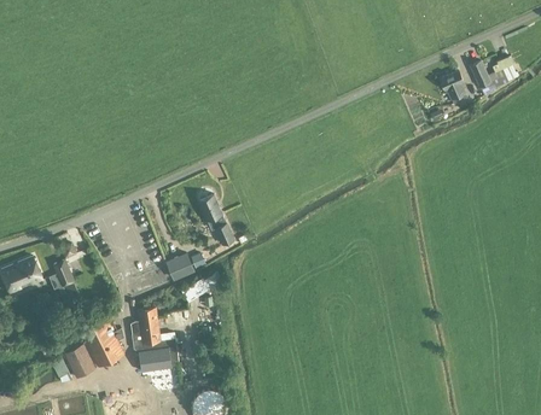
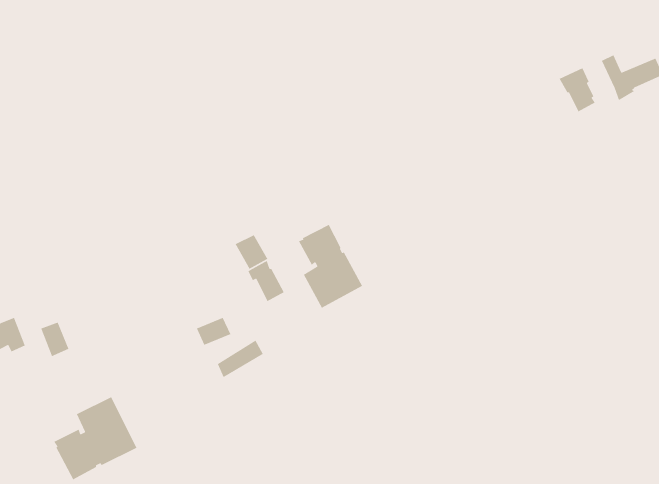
building: none -> [298,224,363,309]
building: [129,309,178,373] -> none

